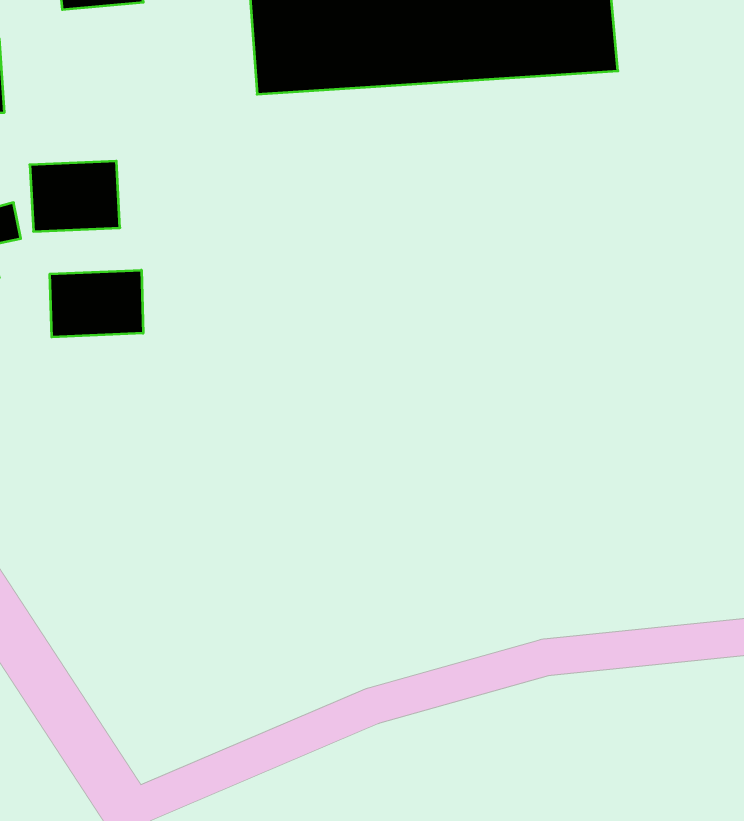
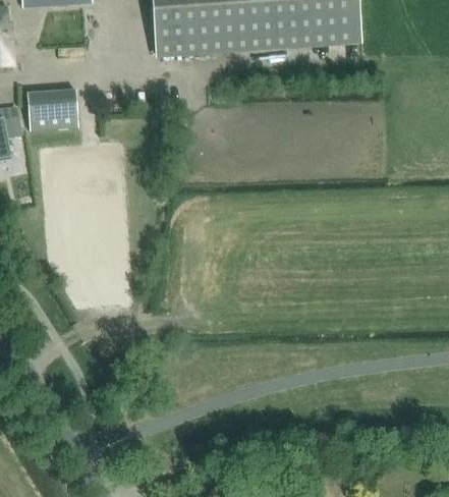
building: [50,270,143,337] -> none

